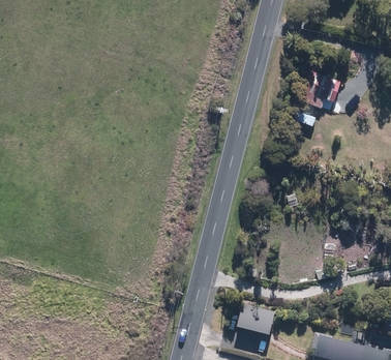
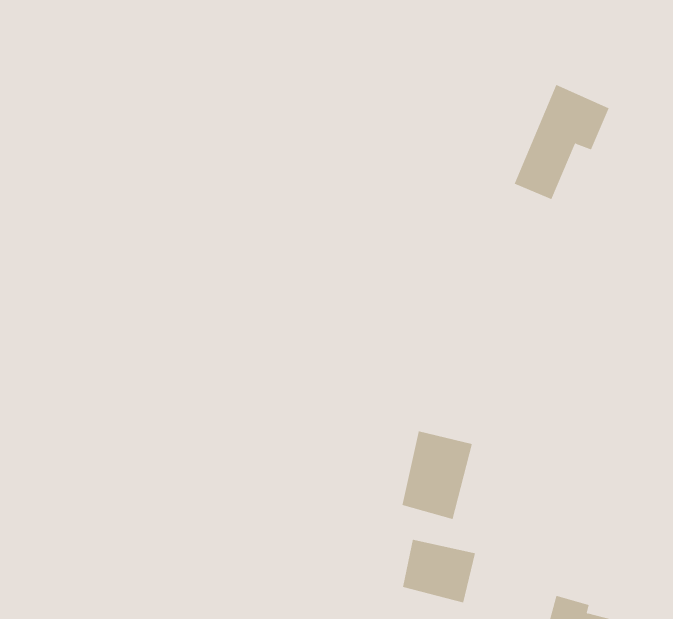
building: none -> [402,431,473,520]

